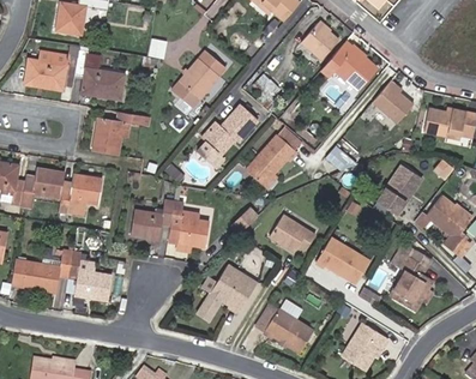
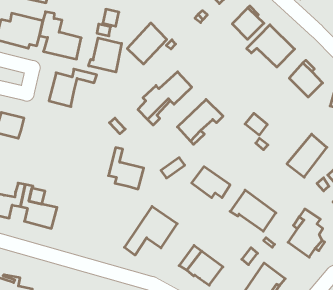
building: none -> [89,38,122,72]
building: [58,174,102,213] -> none
building: [131,198,175,239] -> none

